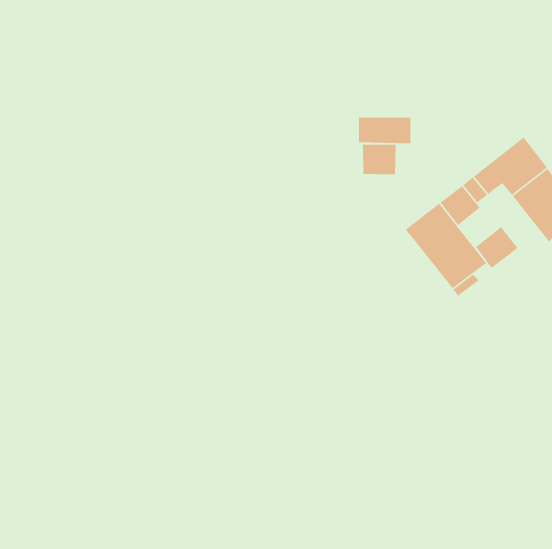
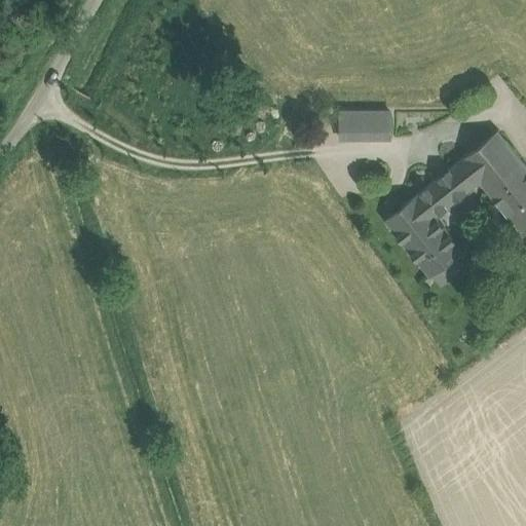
building: [362,144,396,175] -> none
building: [475,226,519,269] -> none

